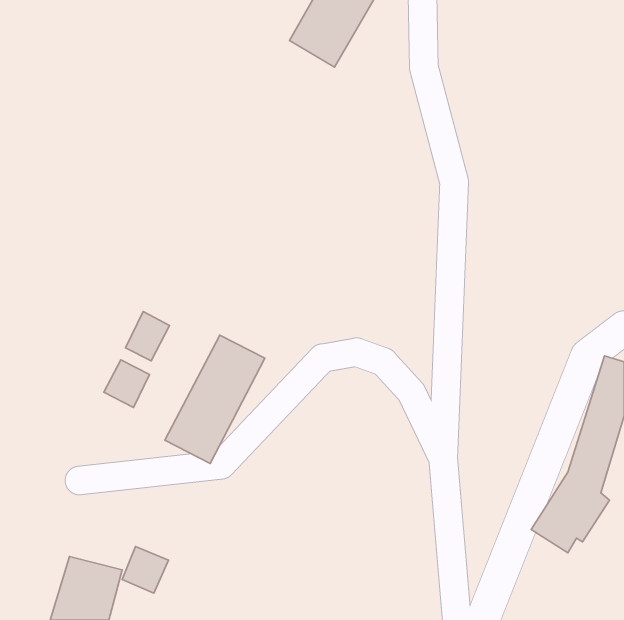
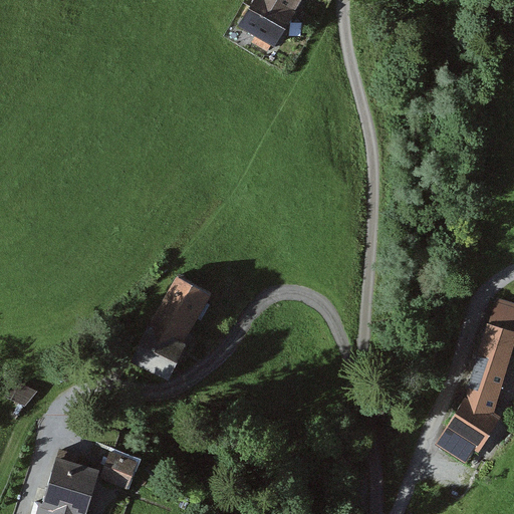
building: [125,312,170,361] -> none
building: [104,360,150,407] -> none

